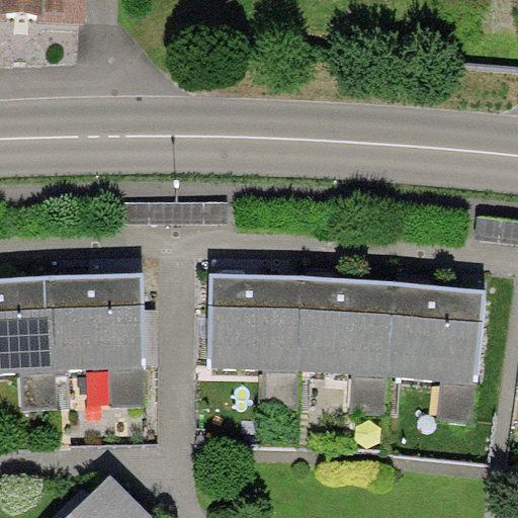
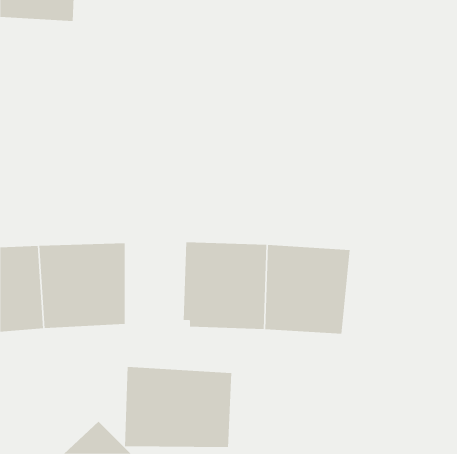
building: [386,282,485,383] -> none
building: none -> [125,366,232,448]

